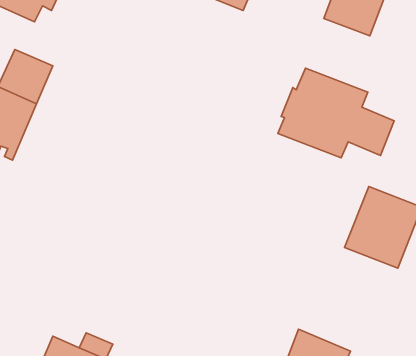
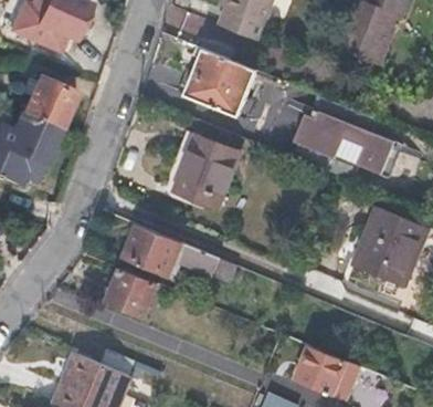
building: none -> [184,50,256,121]
building: none -> [173,135,231,206]
building: none -> [127,225,236,281]
building: none -> [108,269,158,317]

